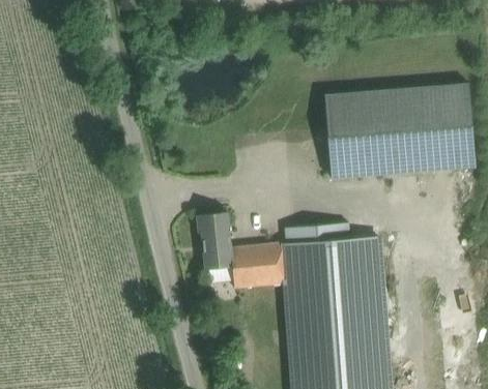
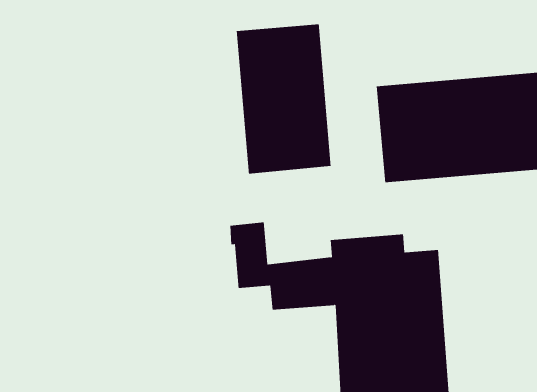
building: none -> [236,24,331,174]

